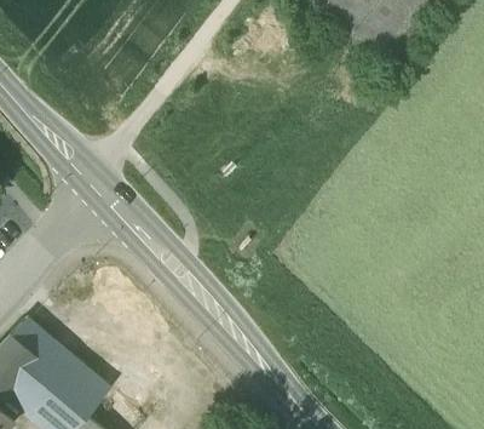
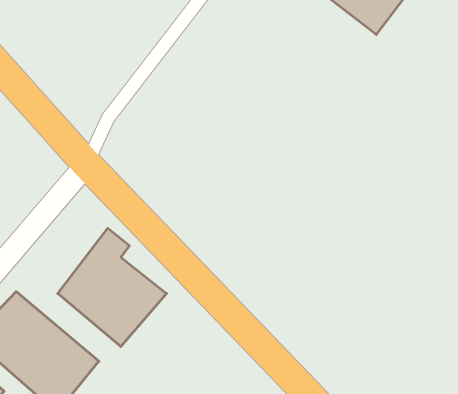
building: none -> [58,228,167,347]

